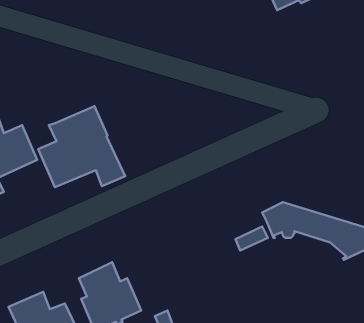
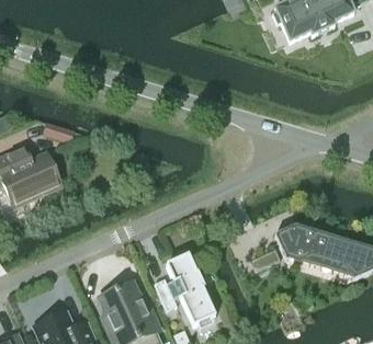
building: [38,106,125,187] -> none
building: none -> [154,254,215,324]

